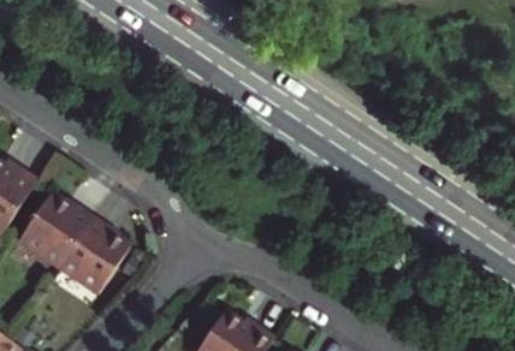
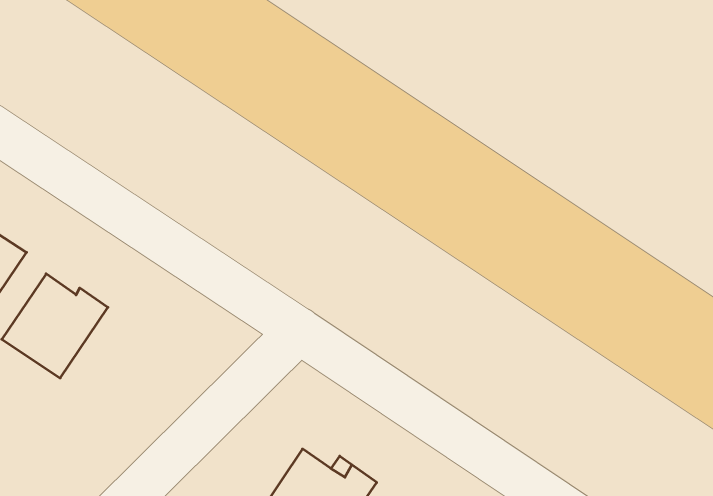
building: [64,210,132,285] -> none

